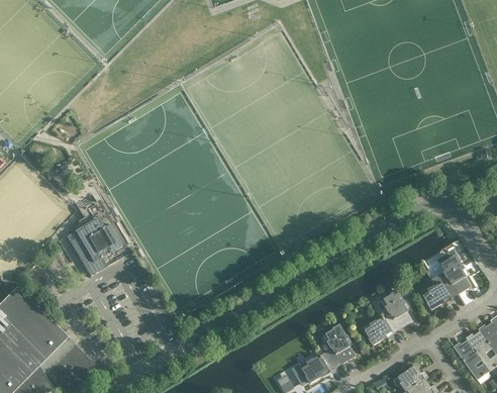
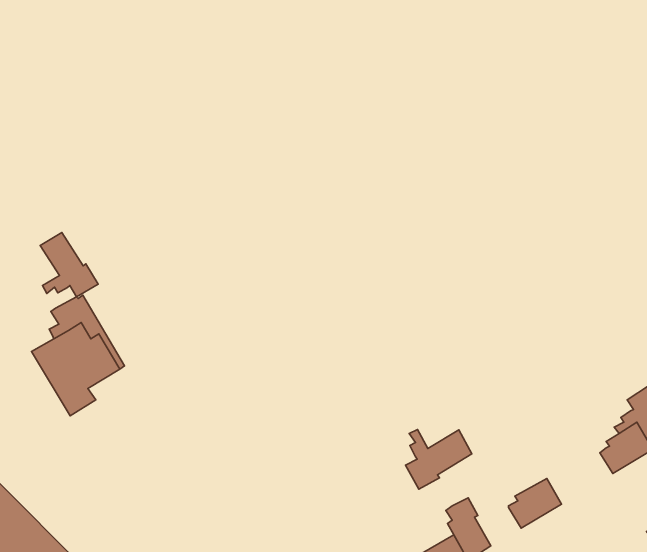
building: none -> [40,233,98,297]
building: none -> [406,430,472,489]
building: [383,289,412,328] -> none

